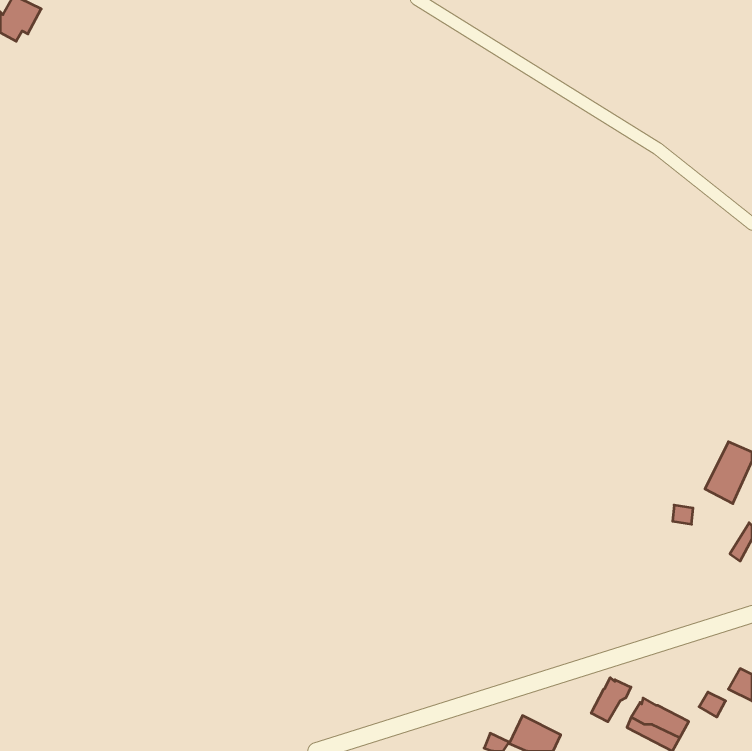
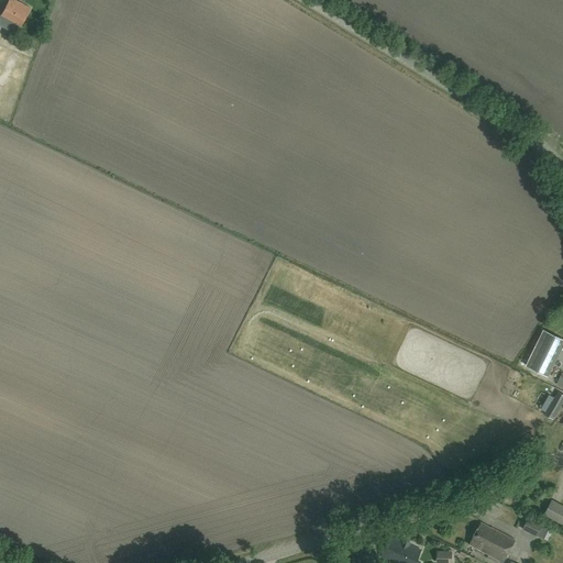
building: [591,678,631,722] -> none

